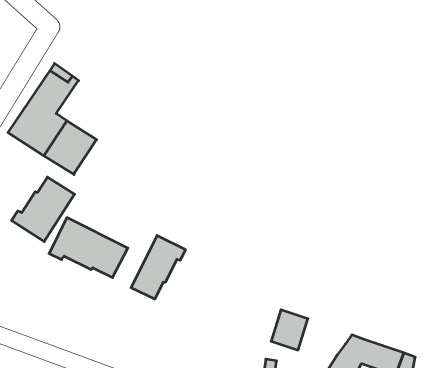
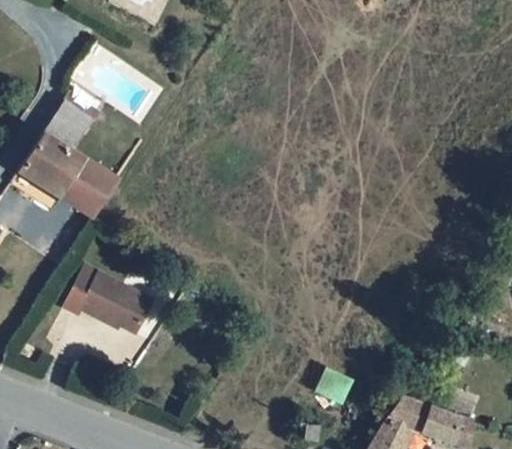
building: [12,177,75,242] -> none
building: [131,235,185,299] -> none

